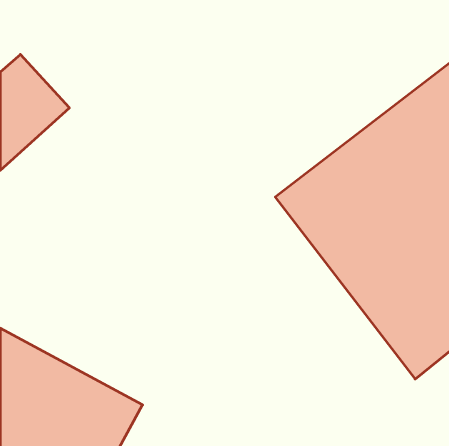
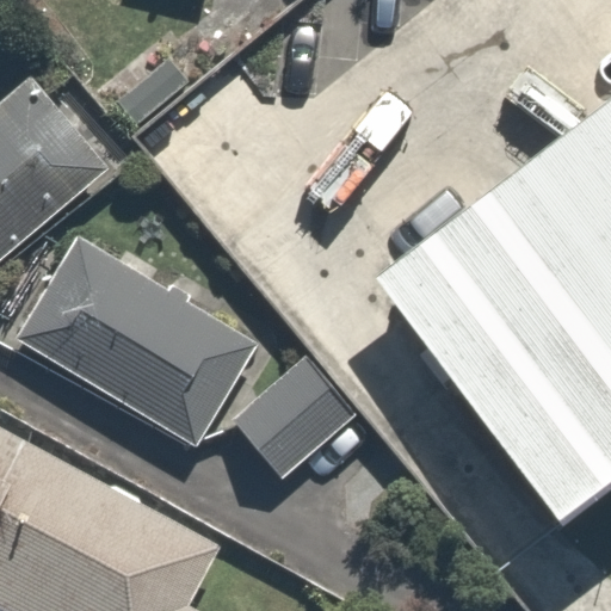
building: none -> [17,239,241,432]
building: none -> [228,366,358,494]

